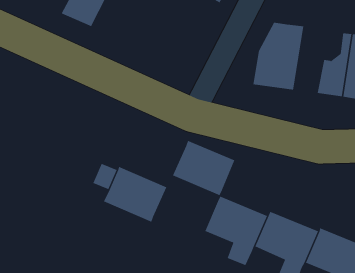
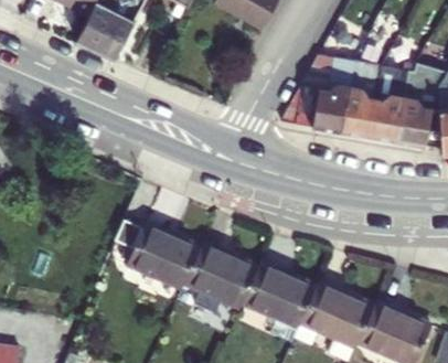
building: none -> [346,62,387,139]
building: [172,140,235,196] -> [185,241,258,305]

